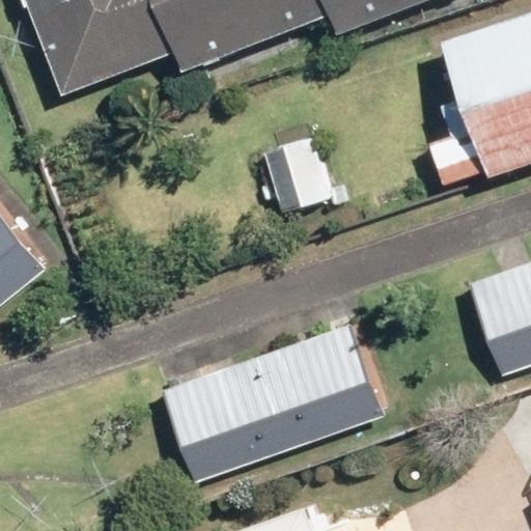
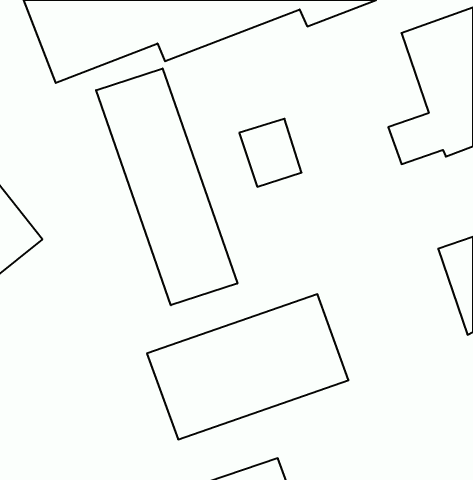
building: none -> [96,68,237,305]

